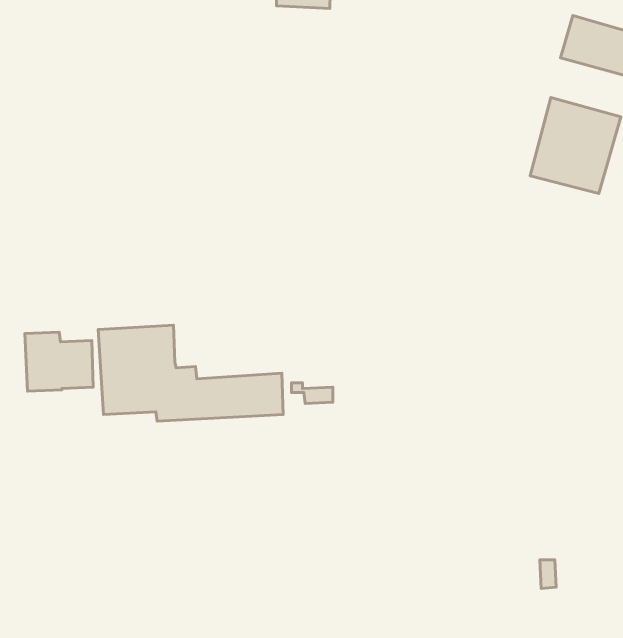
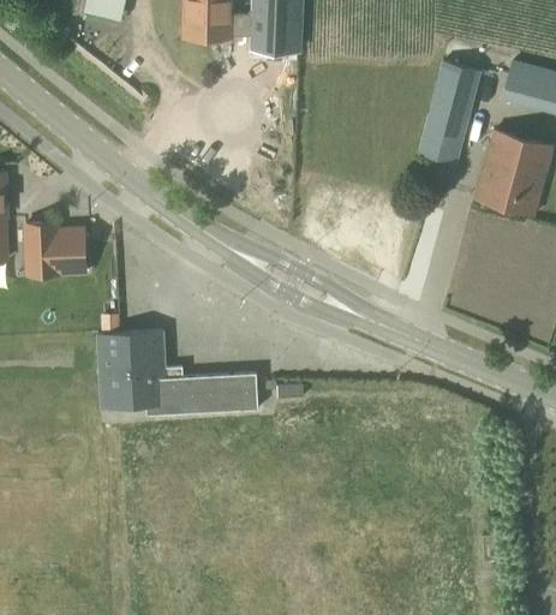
building: none -> [418,61,480,163]
building: [25,332,93,391] -> [24,223,84,275]

